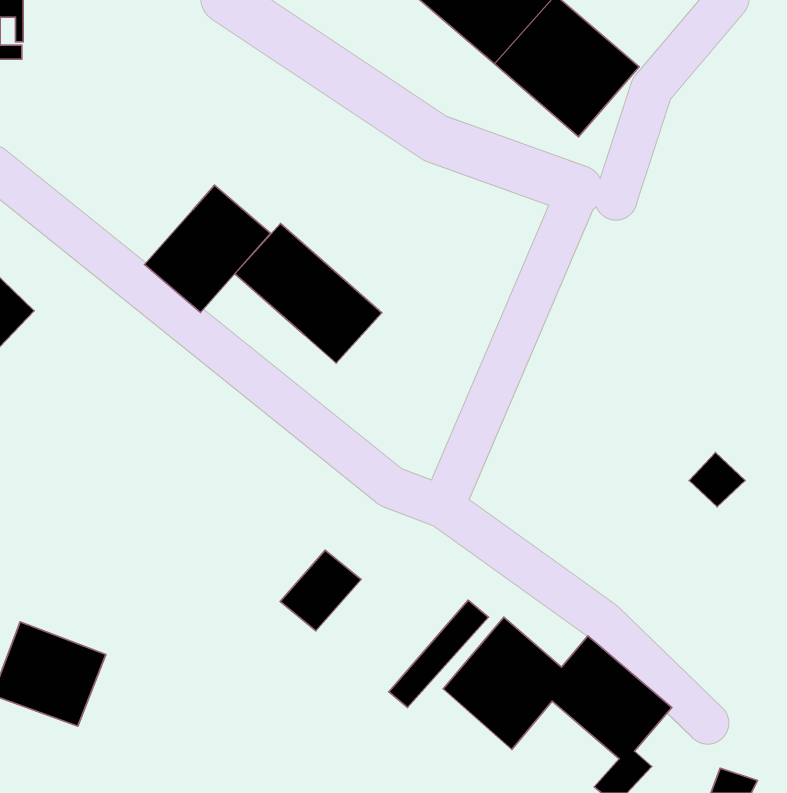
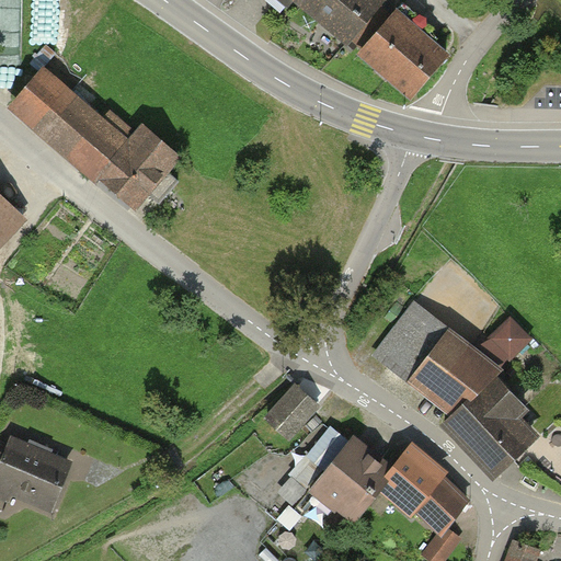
building: none -> [15,73,136,186]
building: [235,224,382,363] -> none
building: none -> [375,311,525,472]
building: [280,550,361,631] -> [260,382,317,439]

